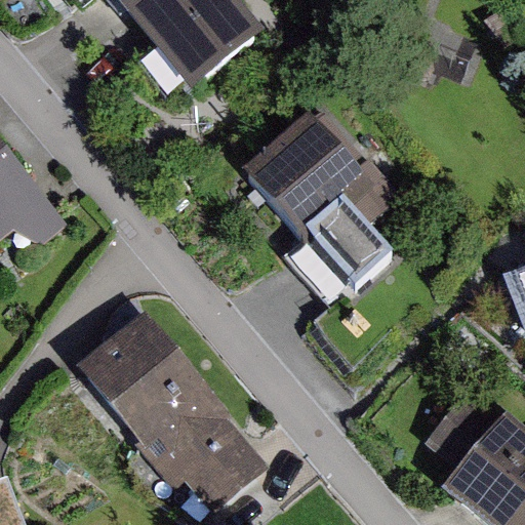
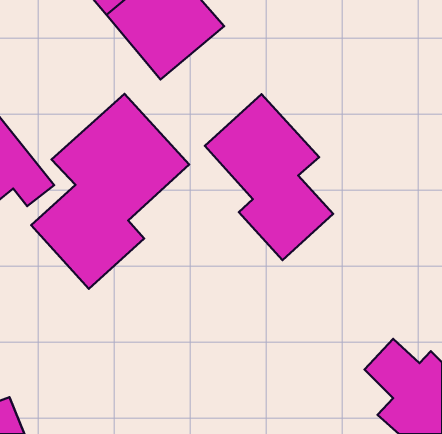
building: none -> [31,94,189,289]
building: [76,312,273,506] -> none

